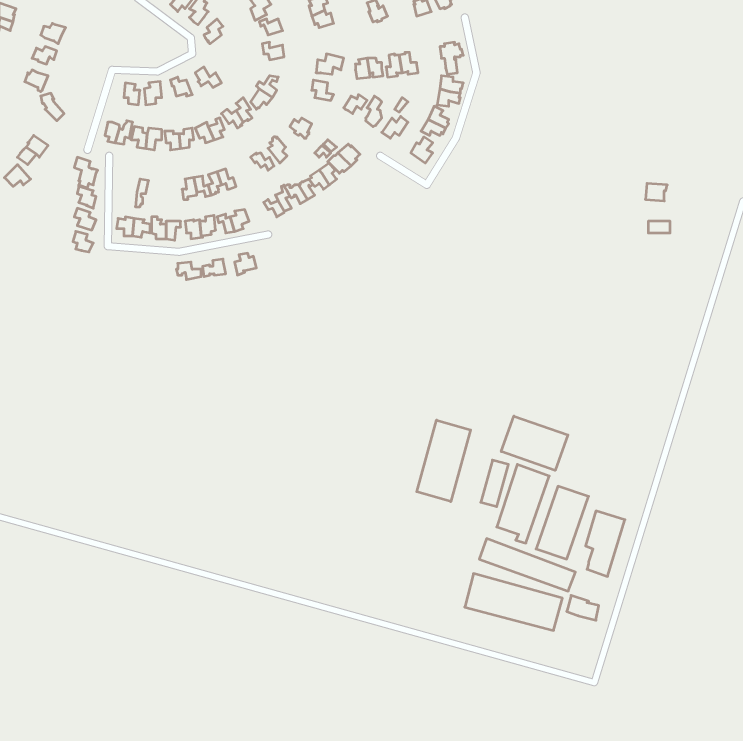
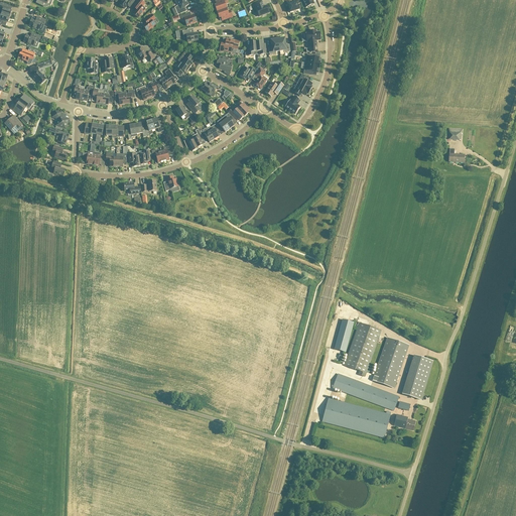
building: [501,416,568,470] -> none
building: [417,420,471,502] -> none

